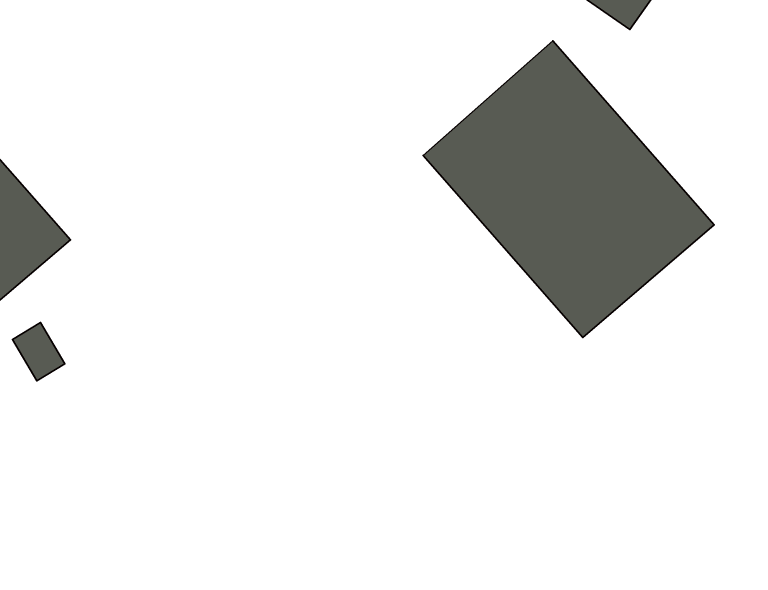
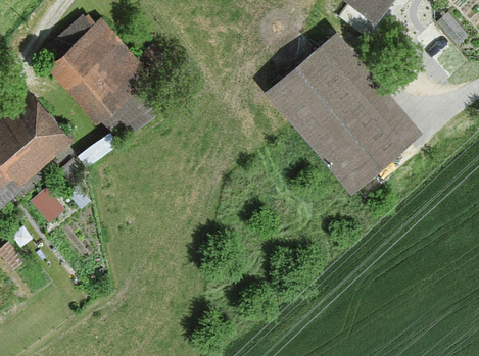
building: none -> [45,14,165,145]

